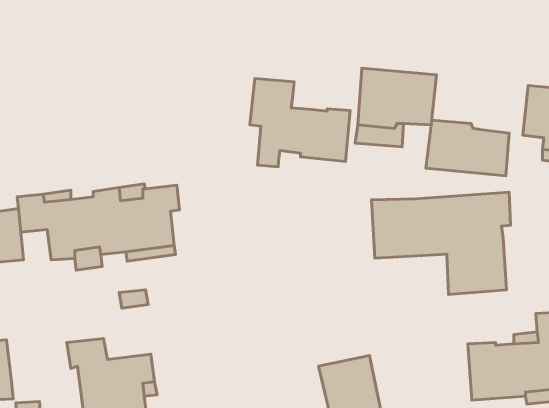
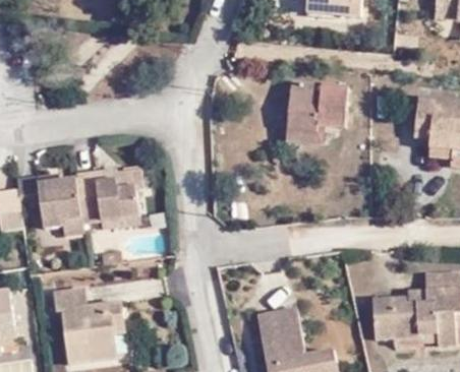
building: [250,79,350,167] -> none
building: [426,120,509,176] -> none
building: [372,192,510,295] -> none

